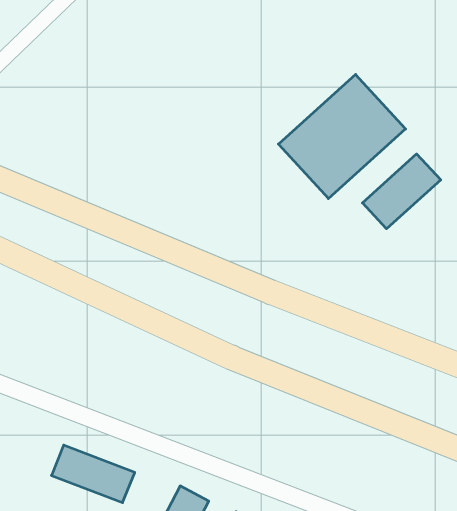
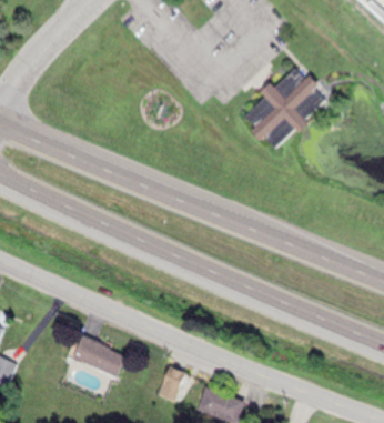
building: [362,154,441,229] -> none

